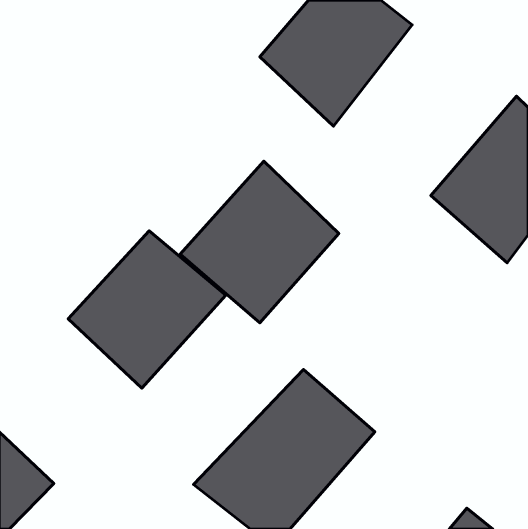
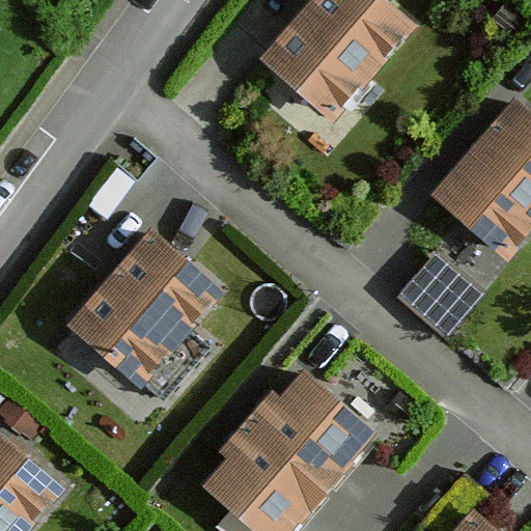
building: [180,161,339,323] -> none
building: none -> [411,237,496,322]

